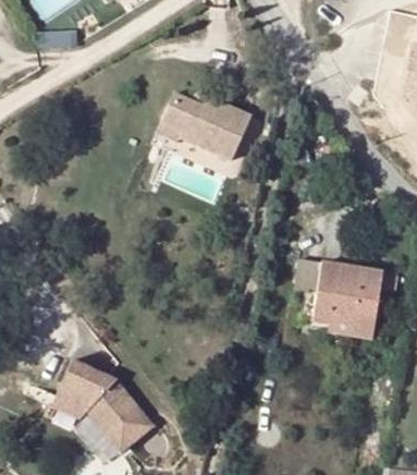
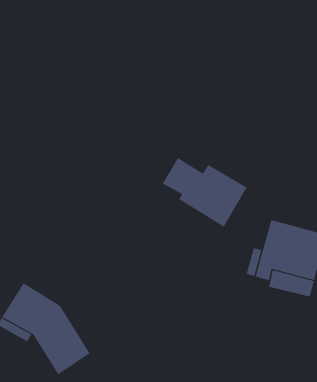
building: [158,94,248,161] -> [162,157,248,227]

